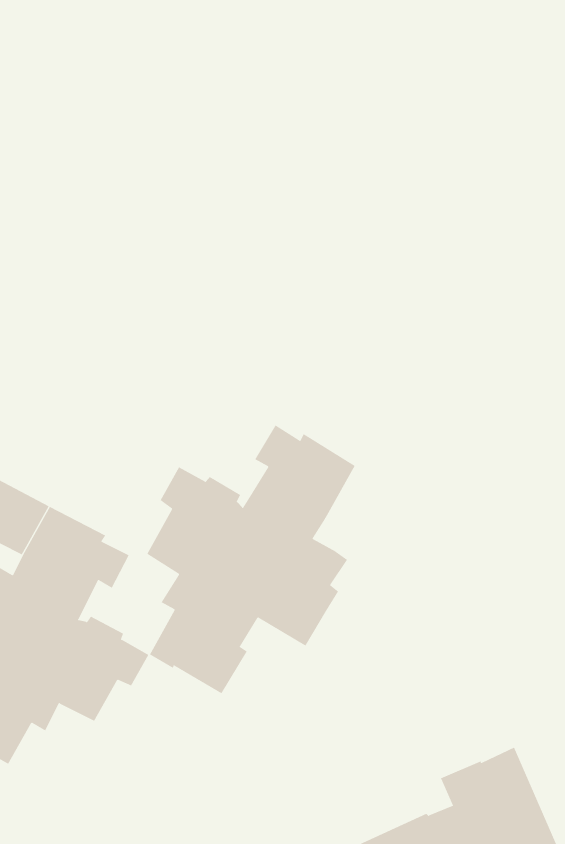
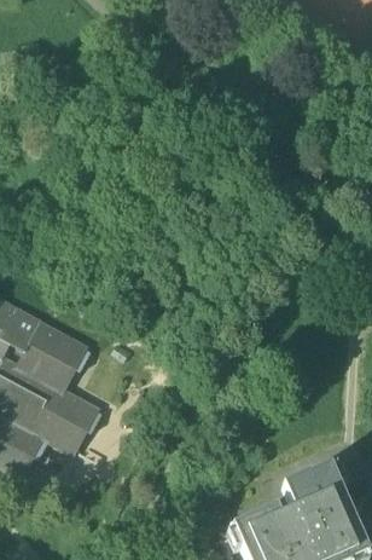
building: [146,424,356,694] -> none

